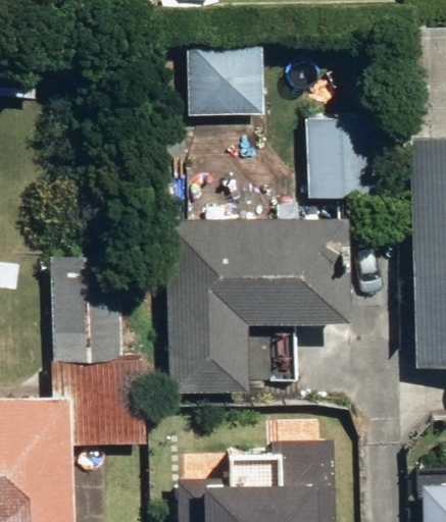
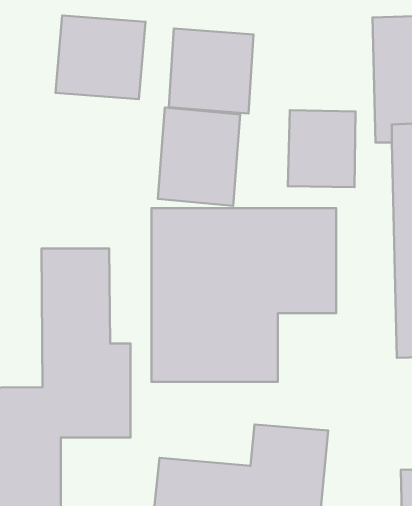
building: none -> [55,16,146,99]
building: none -> [158,108,240,206]

